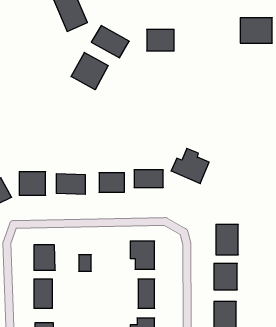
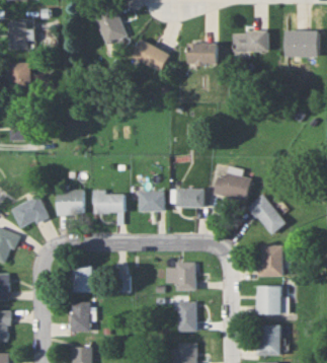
building: none -> [232,30,268,52]
building: [71,52,108,90] -> none
building: none -> [248,195,285,235]

